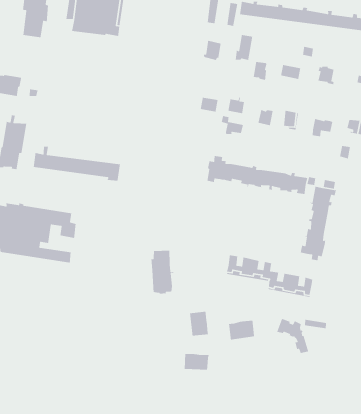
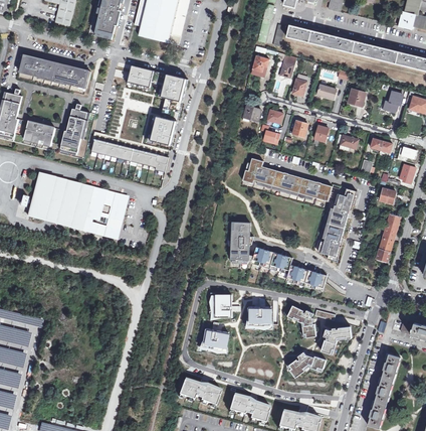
building: none -> [128,65,188,146]
building: [150,250,175,295] -> [231,223,252,262]
building: none -> [321,327,352,352]
building: none -> [288,351,326,378]

